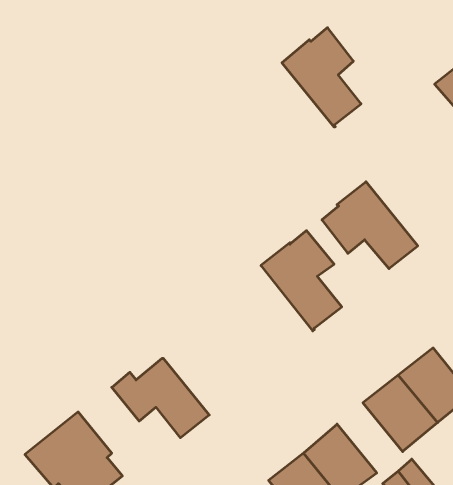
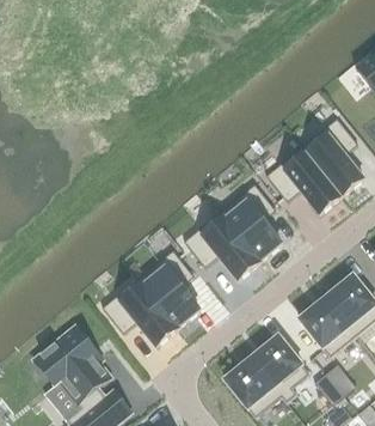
building: [282,28,361,127] -> [301,117,363,195]
building: none -> [184,211,259,280]
building: none -> [136,249,199,328]

